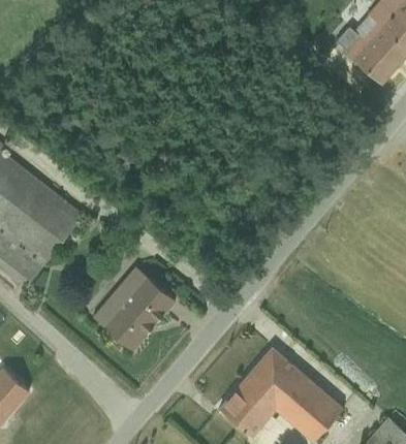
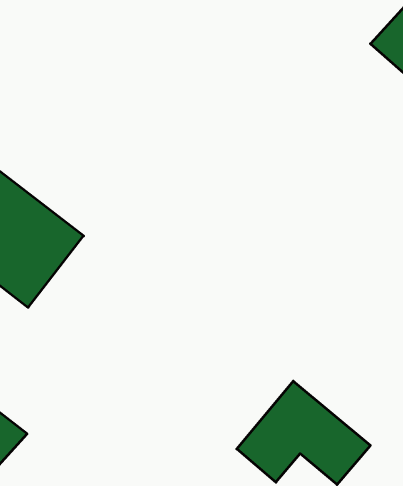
building: [90,266,175,353] -> none

